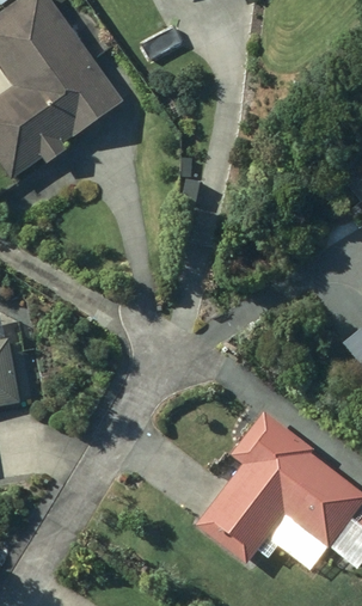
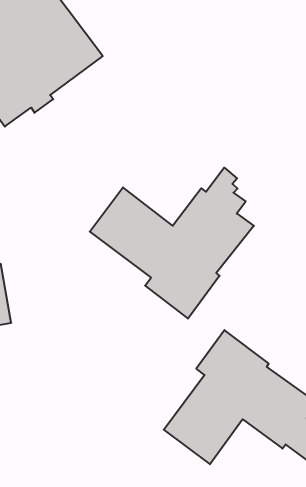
building: none -> [90,168,254,319]

